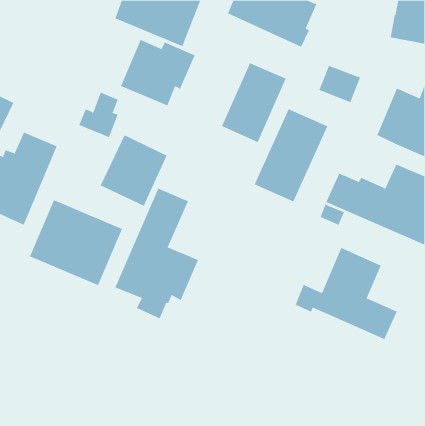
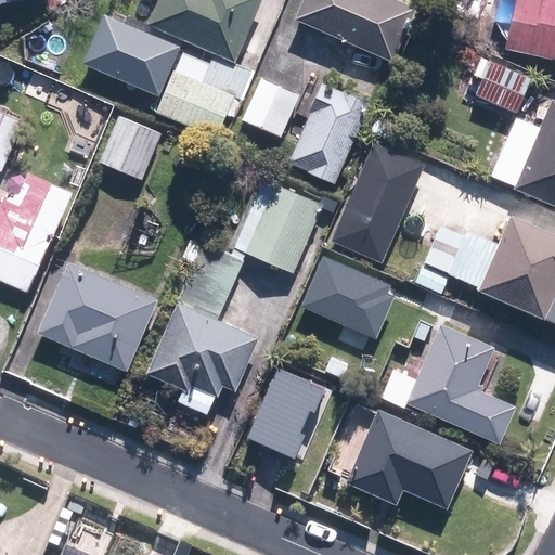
building: none -> [85,13,181,95]
building: none -> [242,78,299,138]
building: [318,65,361,103] -> [476,62,531,111]
building: [100,135,168,206] -> [234,179,322,272]
building: none -> [298,257,391,340]
building: none -> [244,369,324,461]
building: none -> [349,406,474,508]

